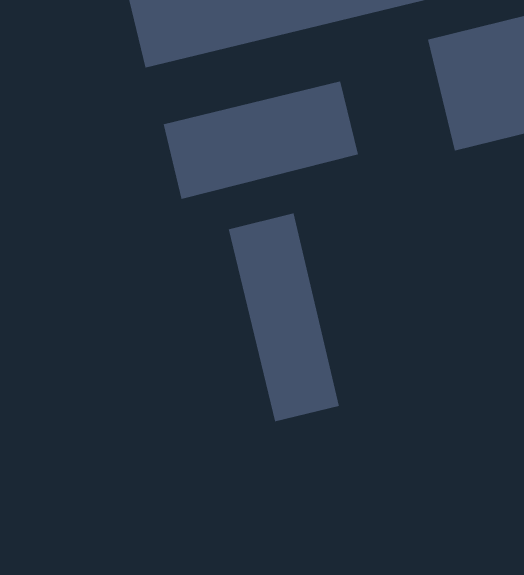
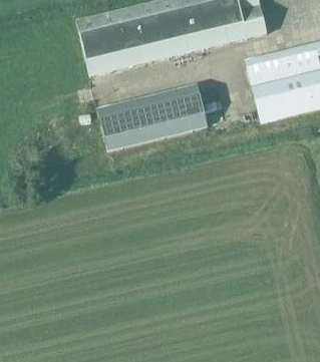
building: [228,212,339,422] -> none

